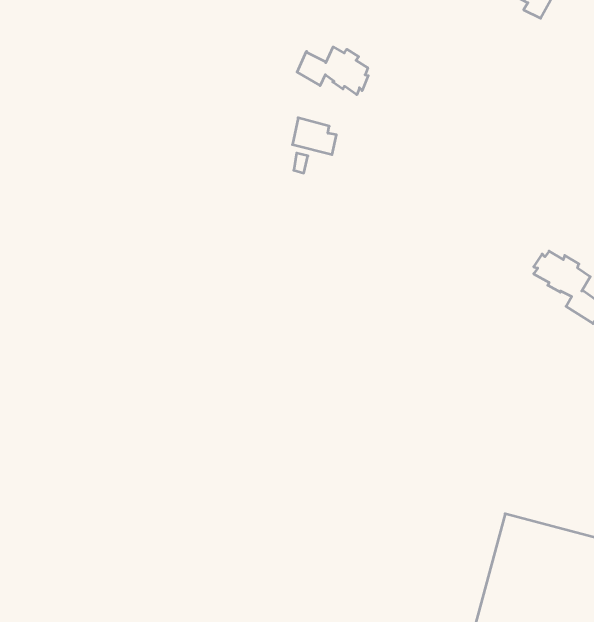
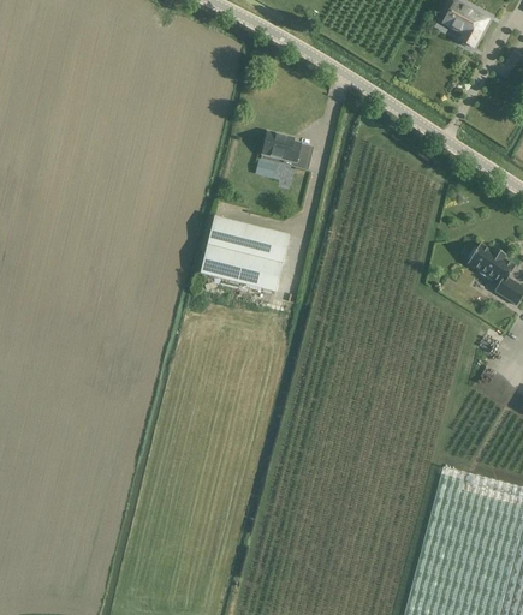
building: [297,47,368,95] -> none
building: none -> [201,217,290,292]

